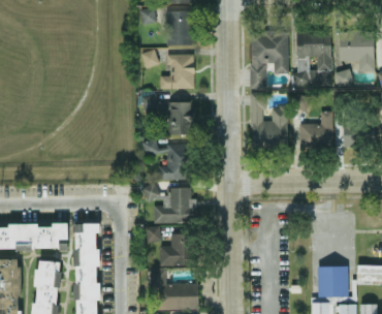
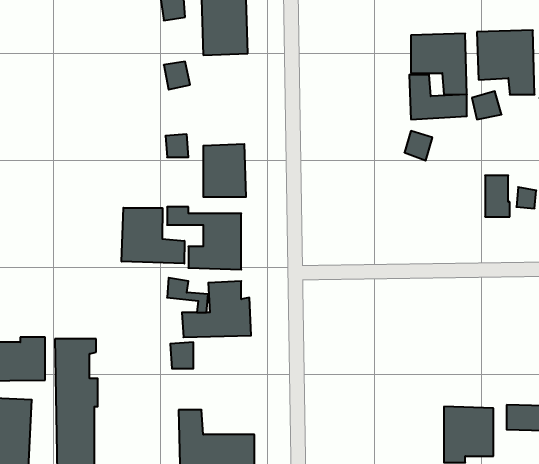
building: [250,32,288,88] -> none
building: [160,54,194,88] -> none
building: [251,92,288,150] -> none
building: [299,112,332,147] -> none
building: none -> [122,208,184,264]
building: [159,233,190,265] -> none

